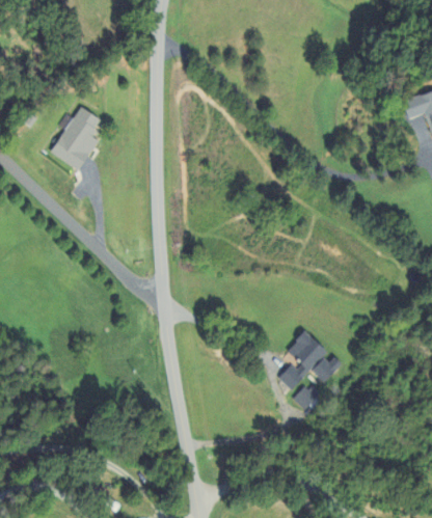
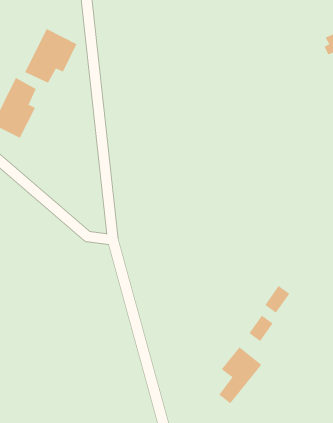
building: none -> [25,28,77,83]
building: [279,330,328,389] -> [218,346,262,404]

